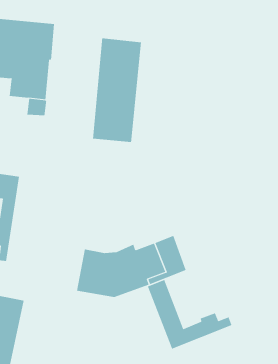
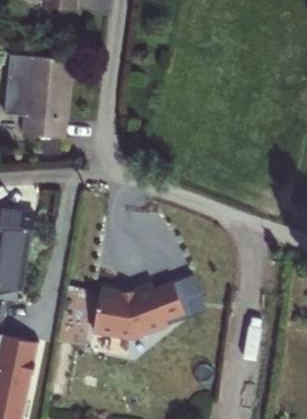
building: [93,38,142,143] -> none
building: [147,279,232,350] -> none

